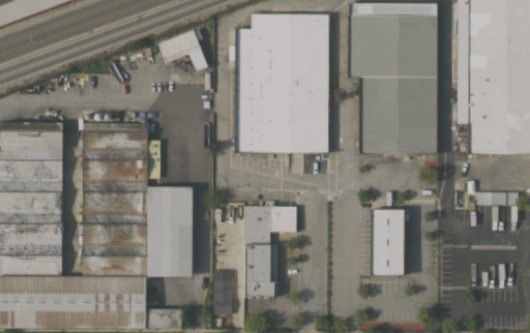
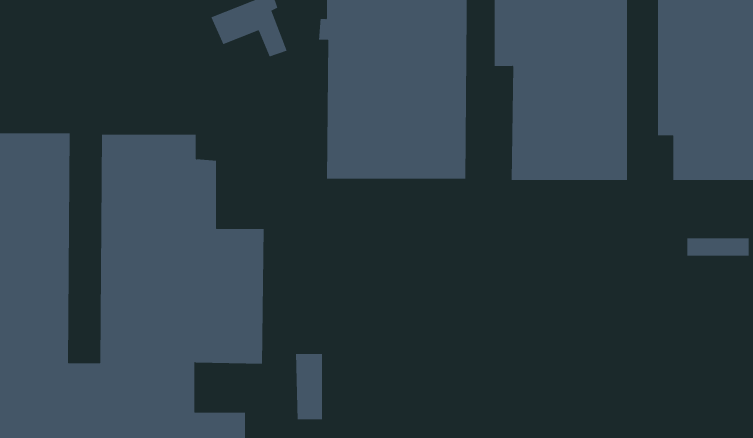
building: [244,205,296,297] -> none
building: [370,208,404,275] -> none

